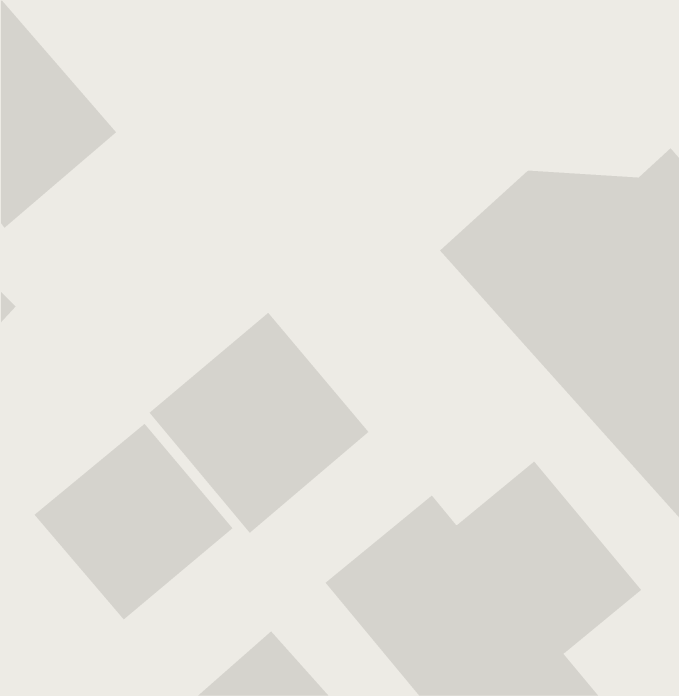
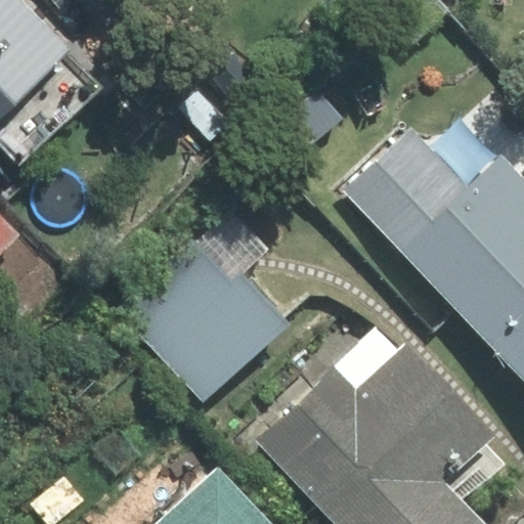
building: [34,423,233,621] -> none

